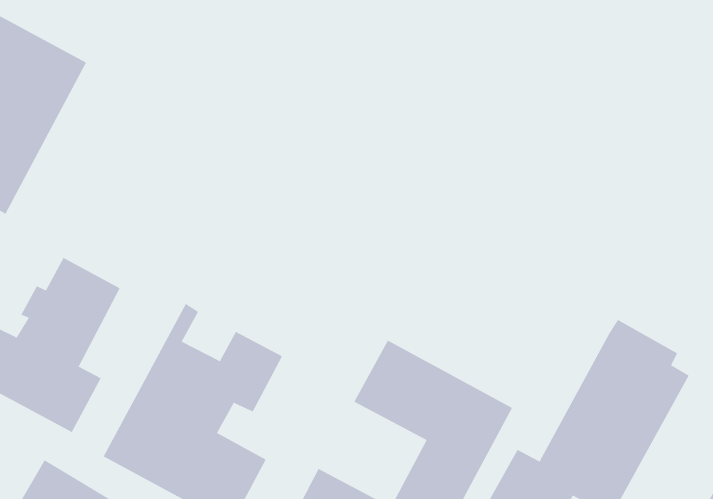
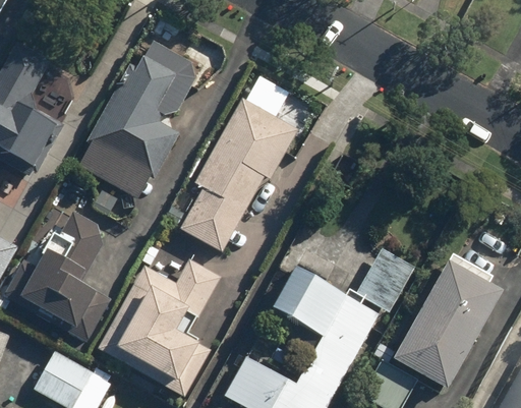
building: none -> [79,42,196,200]
building: none -> [181,74,298,252]
building: none -> [356,253,414,313]

